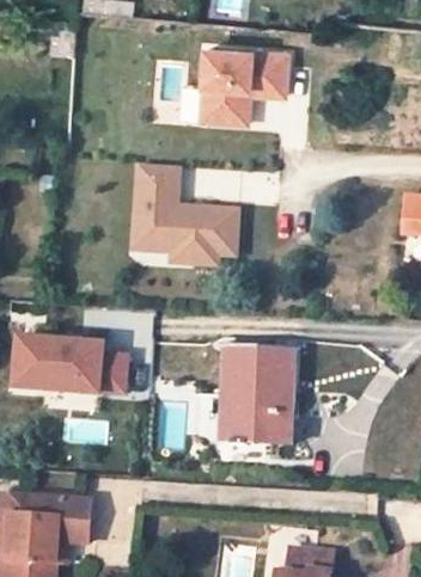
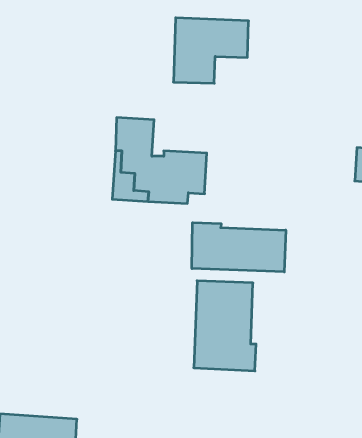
building: none -> [192,223,286,272]
building: [22,343,135,400] -> none

